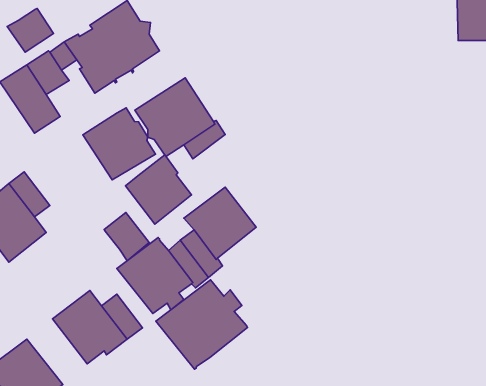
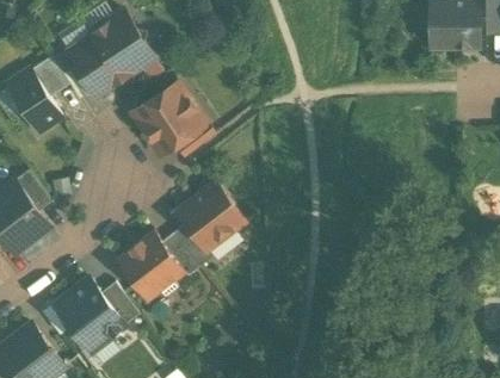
building: [7,8,54,52] -> none
building: [83,108,155,180] -> none
building: [126,155,191,224] -> none
building: [104,213,149,261] -> none
building: [156,280,248,369] -> none

